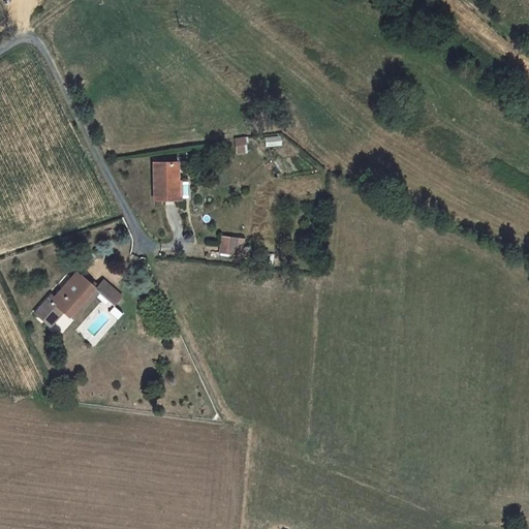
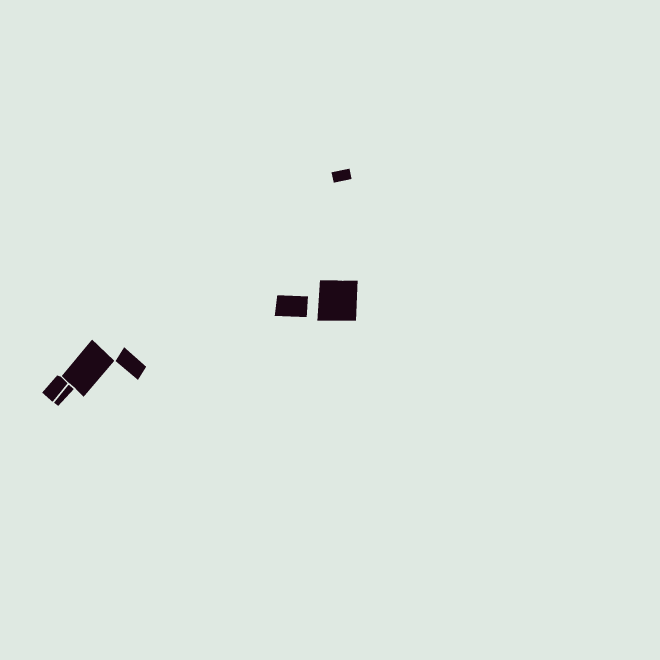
building: [157,165,181,199] -> none
building: none -> [317,280,358,322]

